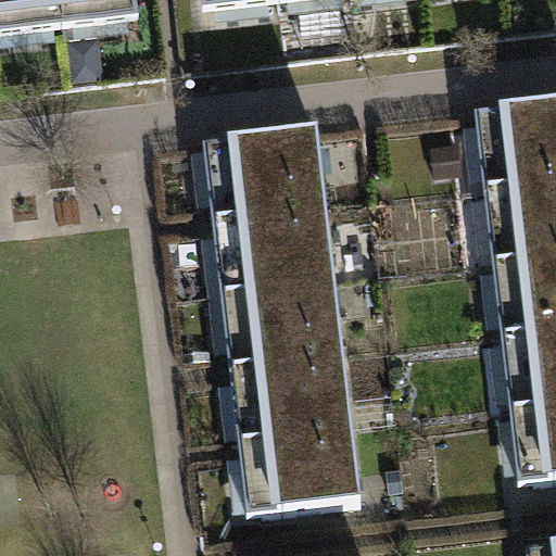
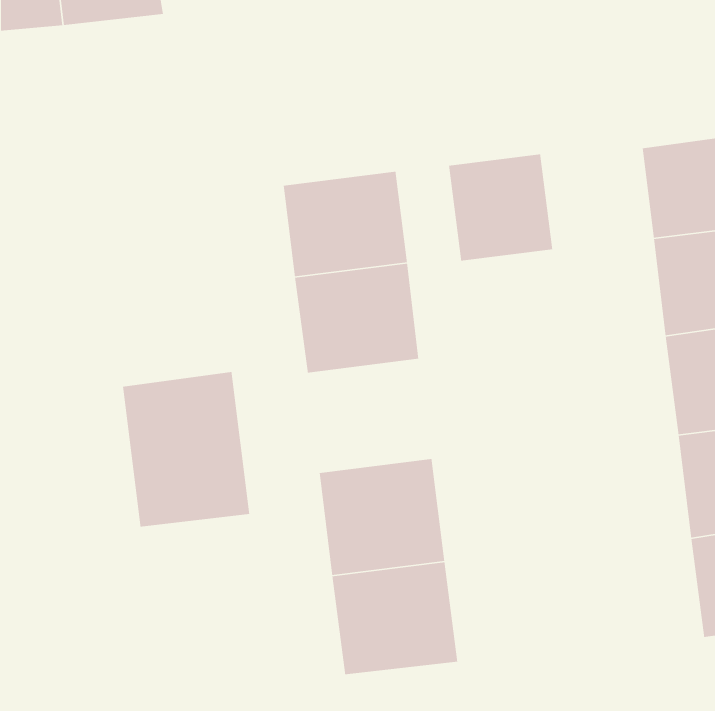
building: none -> [448,153,553,262]
building: [247,271,341,357] -> none
building: none -> [122,371,250,528]

